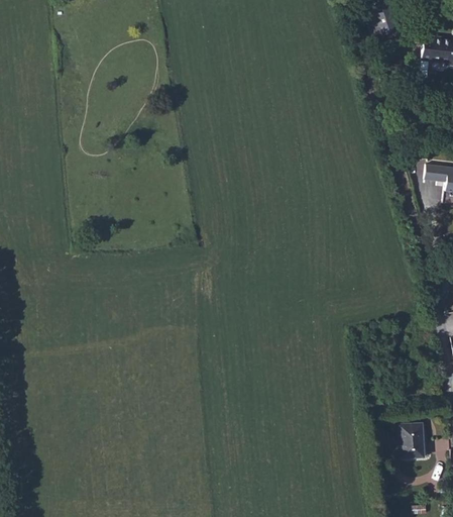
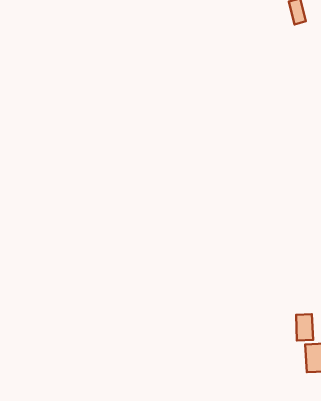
building: none -> [296,314,313,341]

